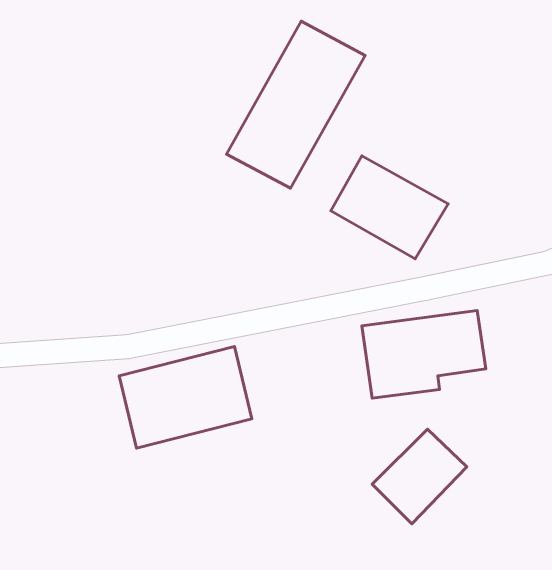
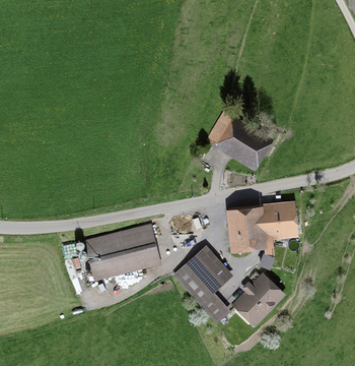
building: [227,21,365,188] -> none
building: none -> [171,245,232,322]

